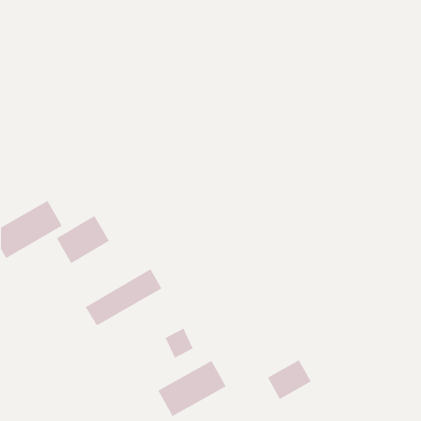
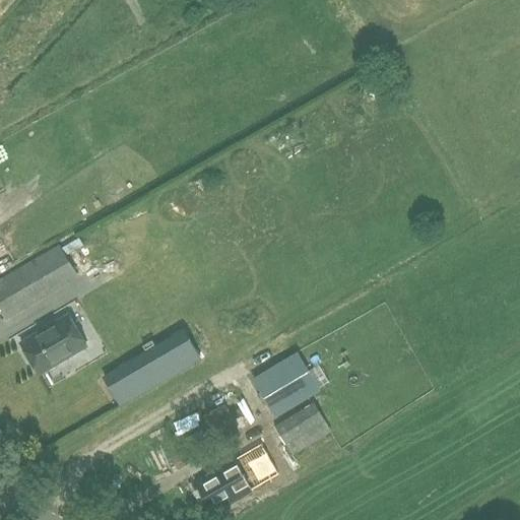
building: [56,215,110,264] -> [20,315,86,375]
building: none -> [251,351,319,416]
building: [267,359,312,400] -> [275,405,330,455]

